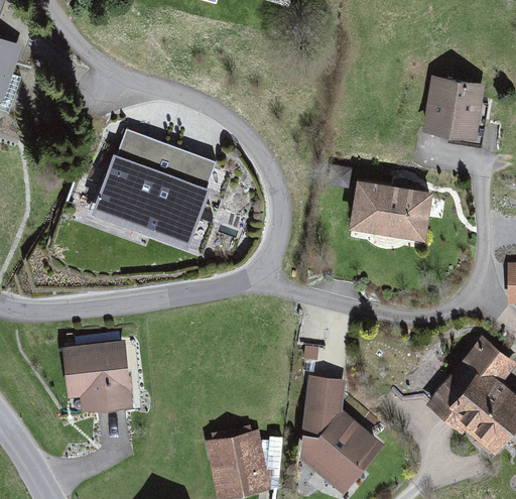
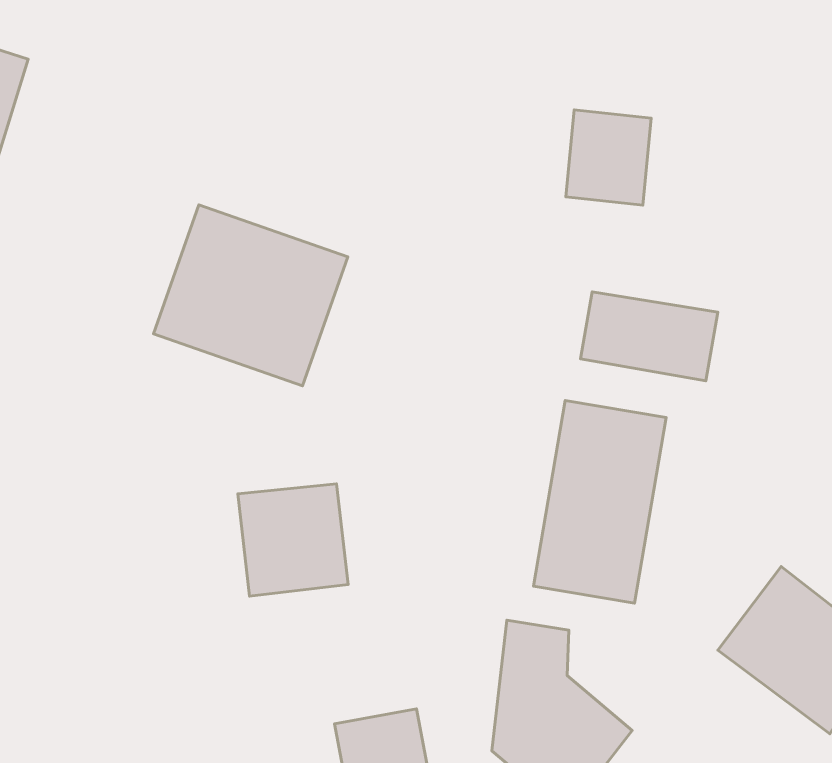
building: [432,75,484,132] -> [566,110,651,205]
building: none -> [533,401,666,603]
building: [58,344,125,411] -> [238,484,348,596]

